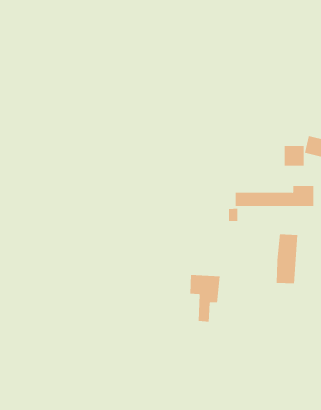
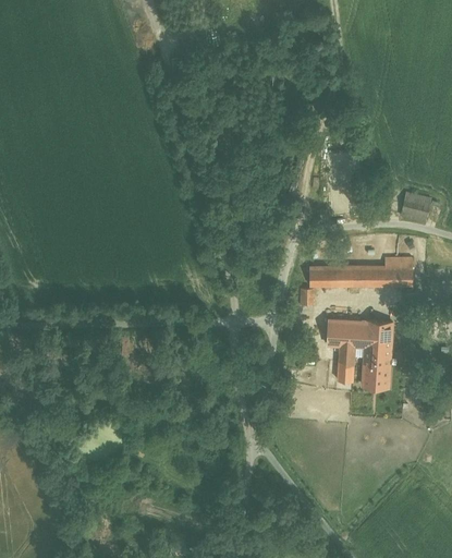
building: [284,145,304,166] -> none
building: [189,275,220,322] -> [327,319,367,381]

